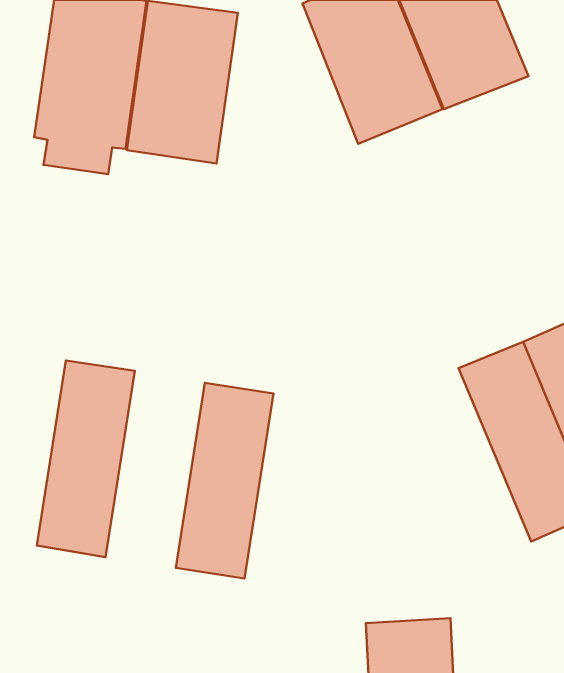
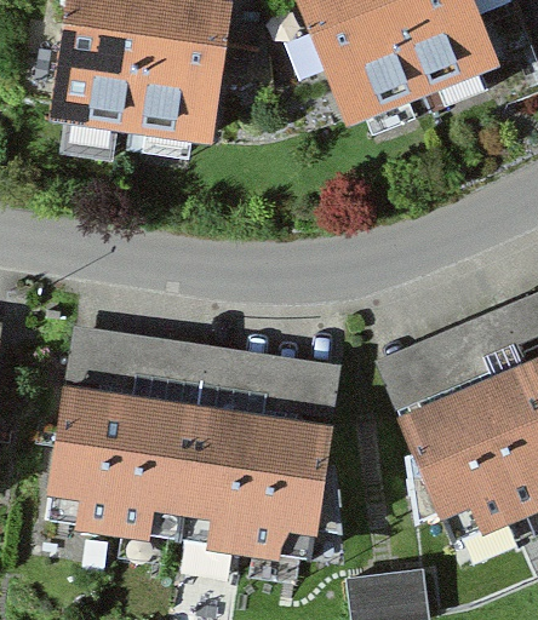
building: none -> [376,338,502,521]
building: none -> [113,340,202,521]
building: none -> [239,361,328,540]

